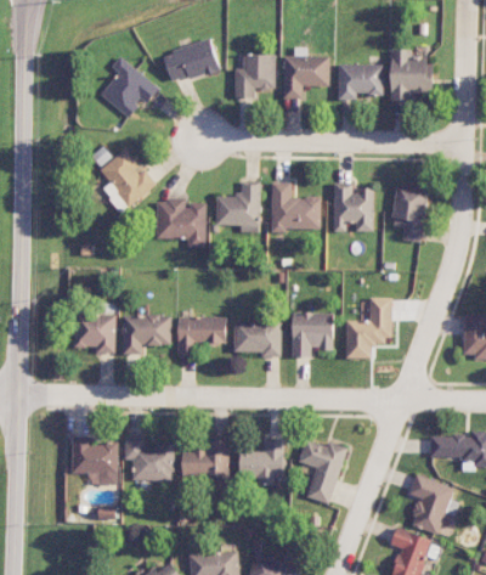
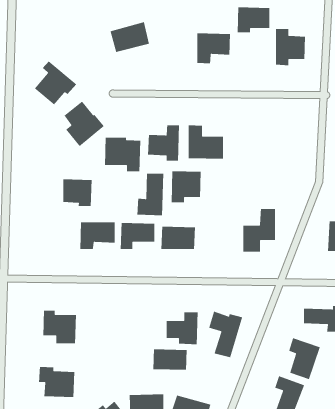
building: [234,55,276,100] -> none
building: [100,56,159,118] -> [34,60,77,105]
building: [338,64,384,101] -> [237,7,270,33]
building: [333,184,374,232] -> none
building: [391,185,429,243] -> none
building: none -> [137,173,164,216]
building: [292,312,334,357] -> [171,170,202,203]
building: [74,315,115,354] -> [62,179,92,207]
building: [124,438,175,481] -> [38,366,75,398]
building: [181,447,230,478] -> [152,349,188,371]

